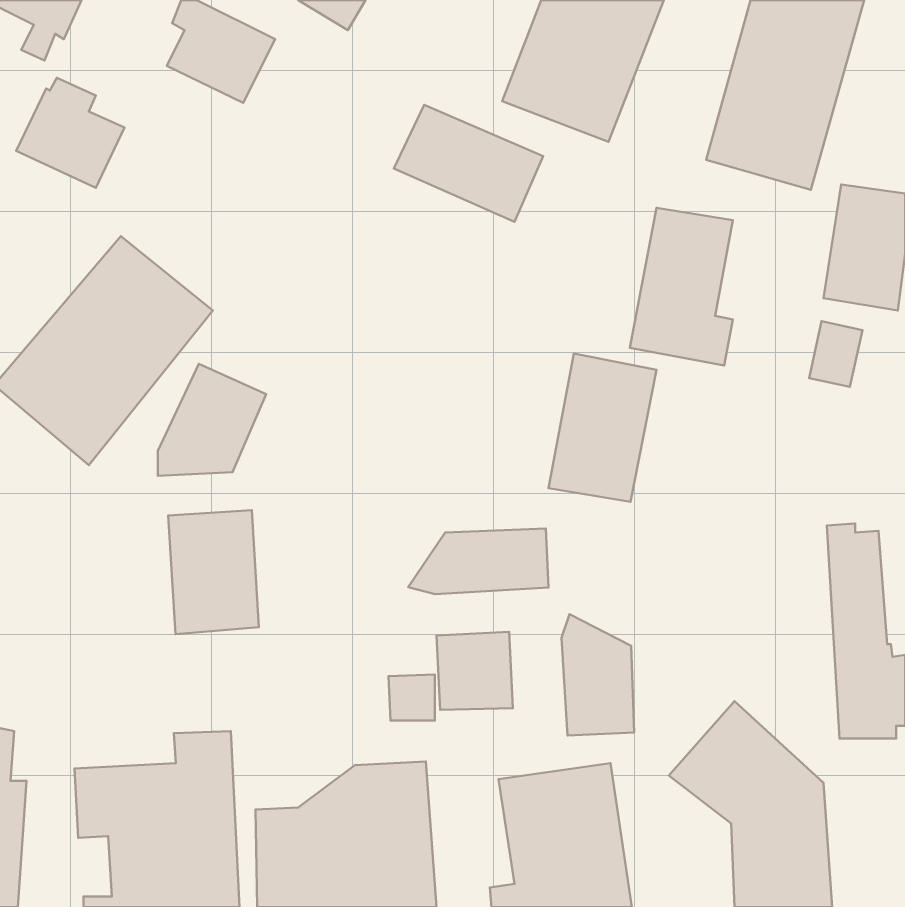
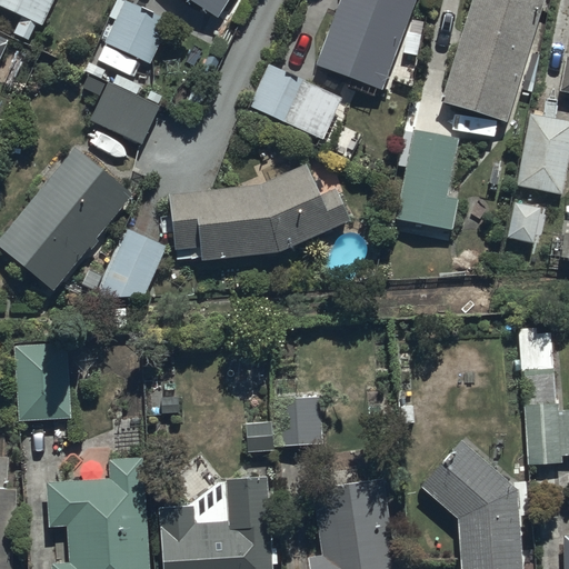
building: [16,78,124,188] -> [90,74,158,143]
building: none -> [169,163,349,260]
building: [549,354,657,502] -> none
building: [168,510,259,634] -> [13,342,70,420]
building: [408,529,548,594] -> none
building: [561,614,634,736] -> none

